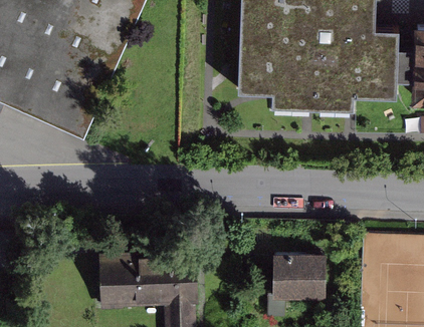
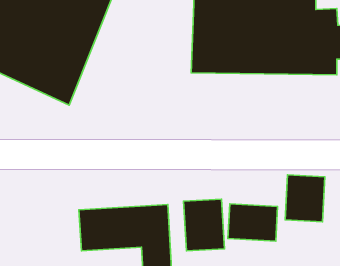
building: none -> [285,175,325,222]
building: none -> [184,199,225,251]

